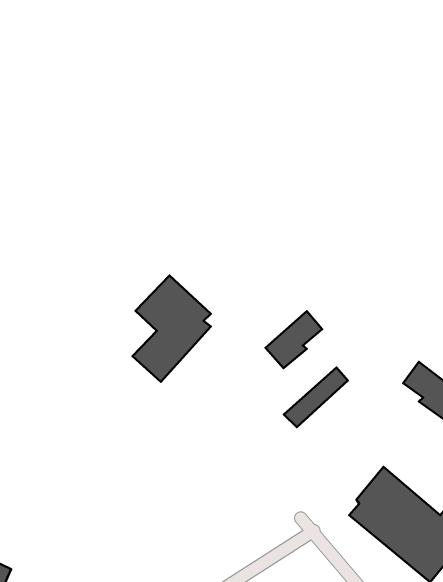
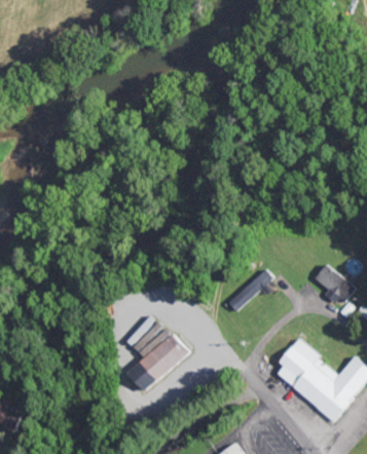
building: [133,275,211,382] -> [126,315,183,392]
building: [265,311,322,368] -> none

